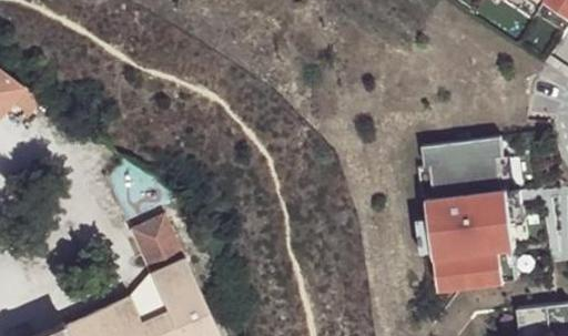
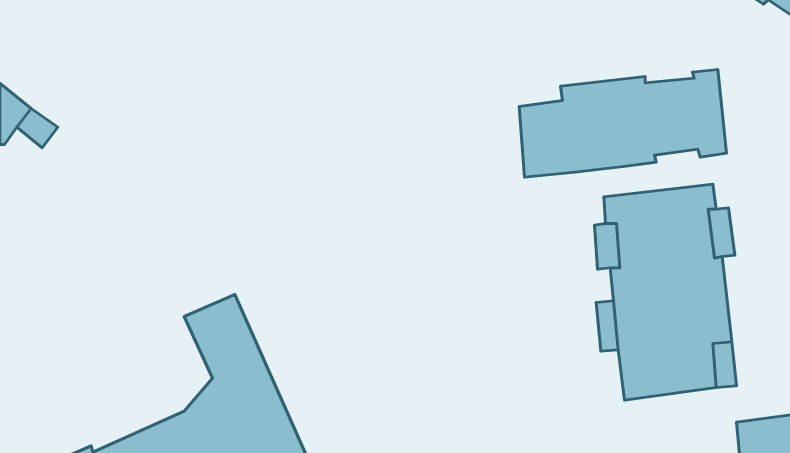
building: none -> [519,70,726,177]

